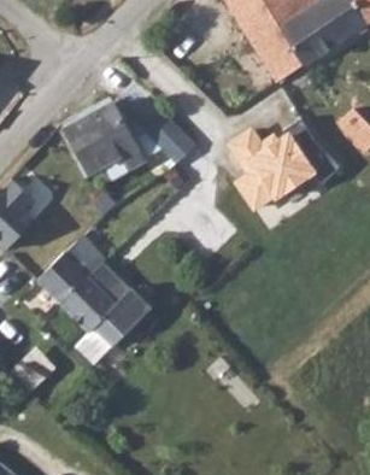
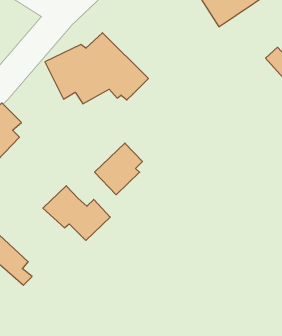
building: [227,124,331,217] -> none
building: [36,242,95,306] -> [95,143,142,195]

